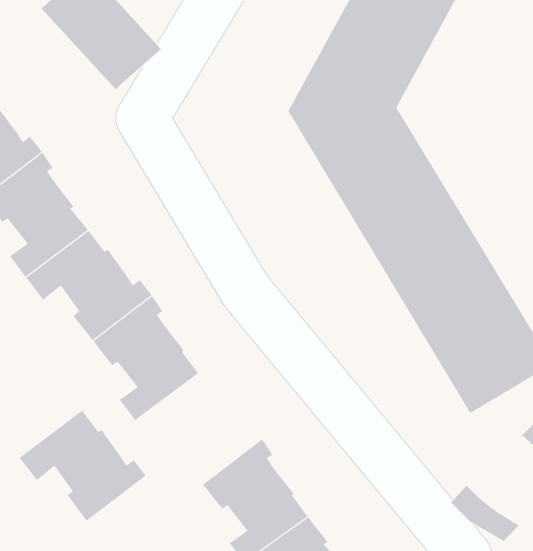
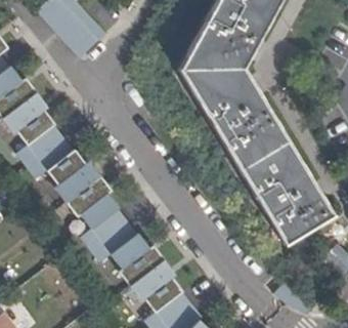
building: [19,410,146,521] -> [92,221,166,286]

